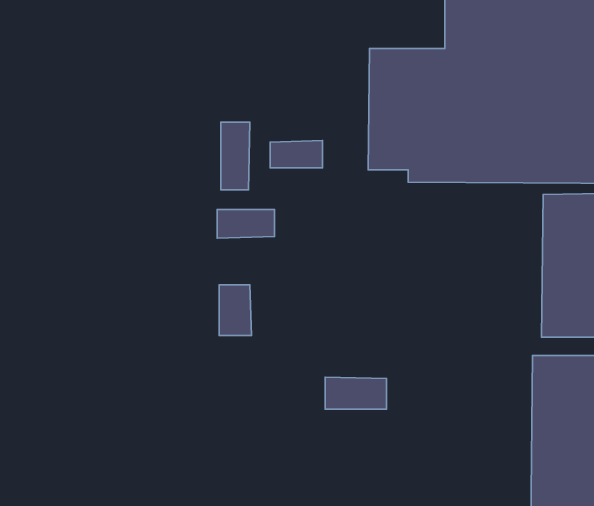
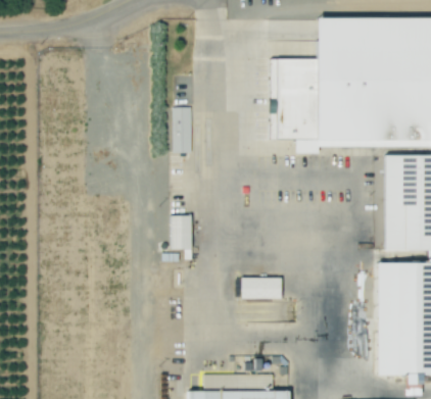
building: [270,141,323,168] -> none
building: [217,209,275,238] -> none

